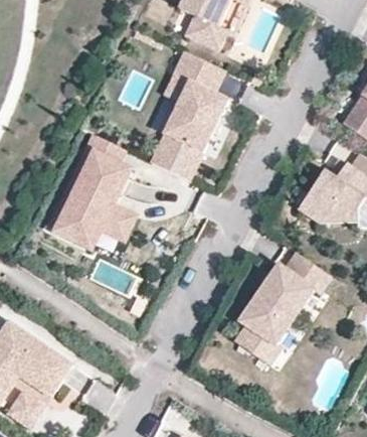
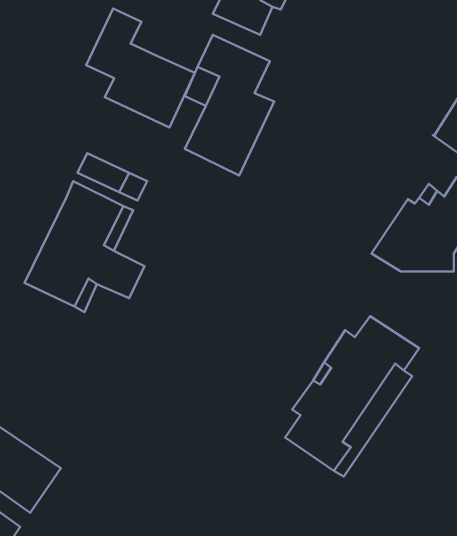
building: none -> [86,9,195,128]
building: [149,133,202,181] -> none

